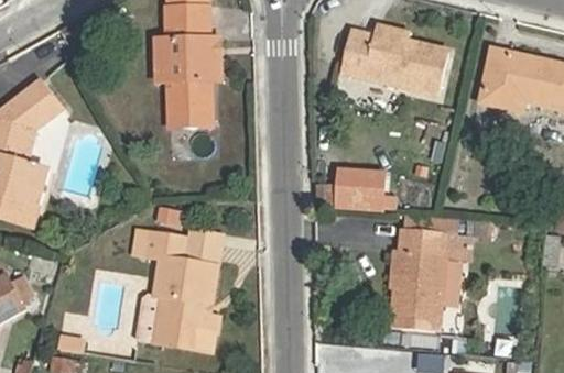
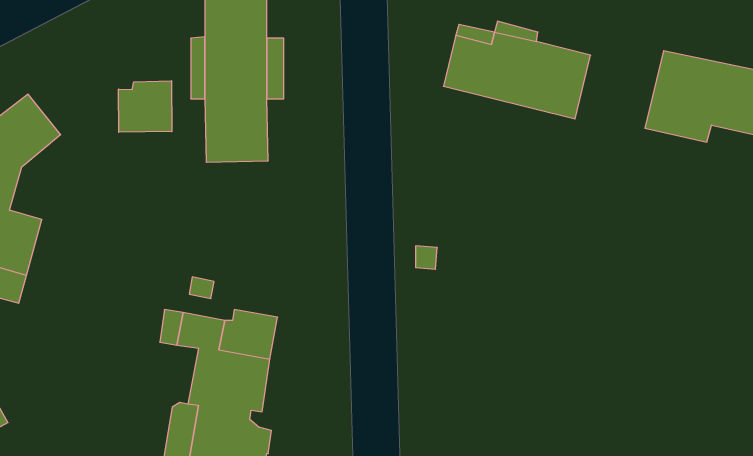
building: none -> [119,81,172,132]
building: [333,163,388,209] -> none
building: [393,229,468,330] -> none

